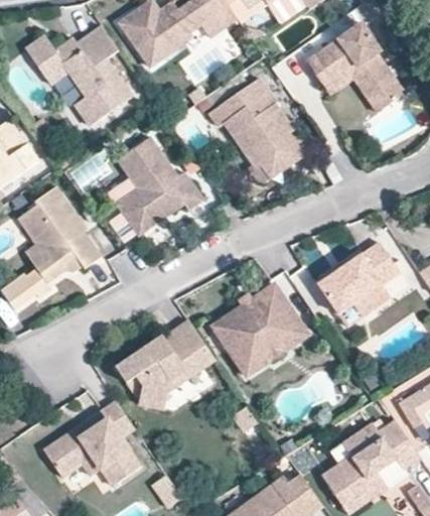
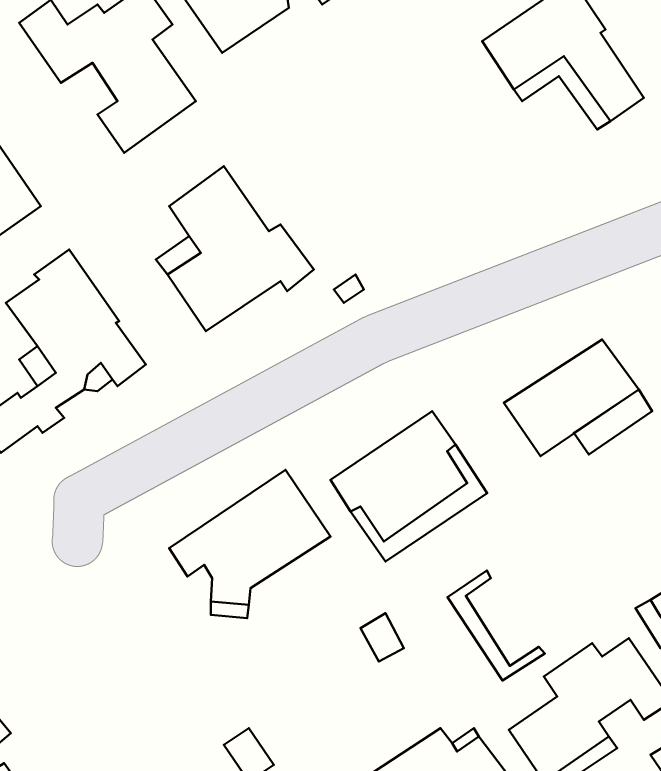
building: [207,78,304,180] -> none
building: none -> [447,571,545,680]
building: [43,402,140,485] -> none

